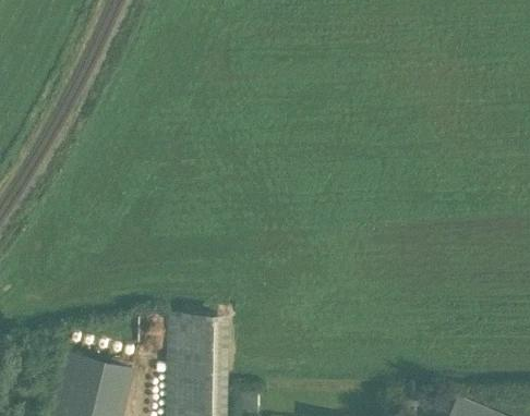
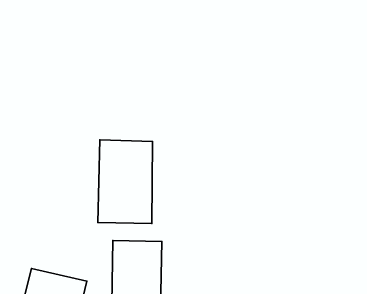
building: none -> [98,140,153,224]

